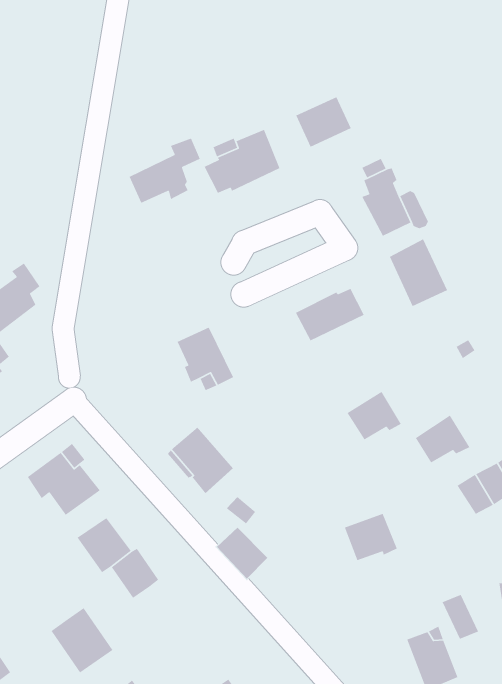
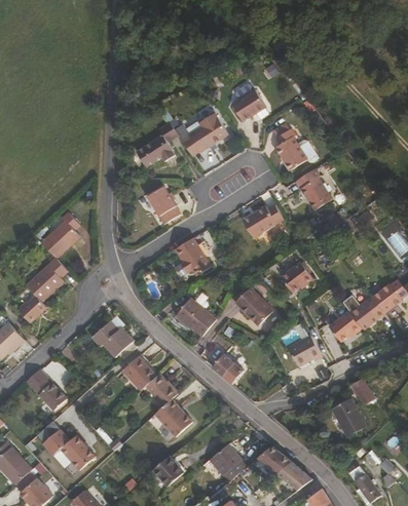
building: none -> [139,185,172,225]
building: [415,414,470,464] -> [327,311,361,342]
building: none -> [233,287,271,326]
building: [50,607,113,674] -> [154,395,193,435]

